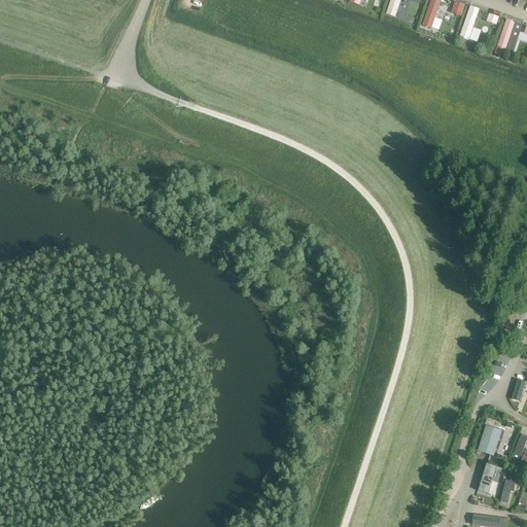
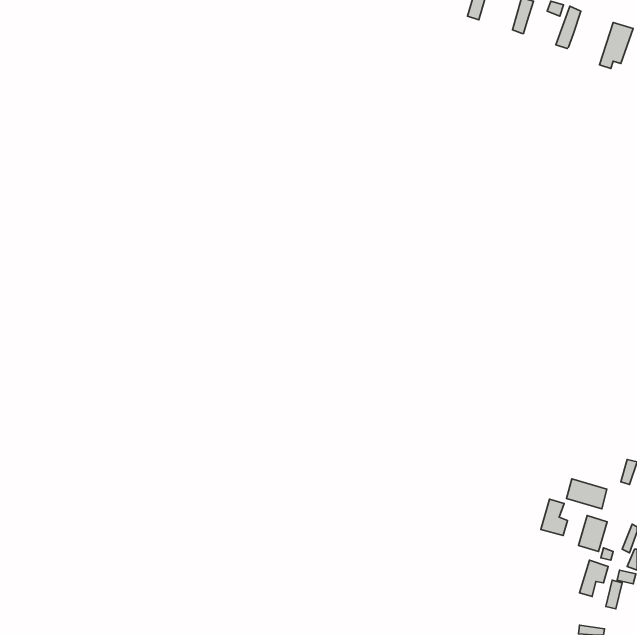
building: none -> [567,479,607,509]
building: none -> [541,499,567,536]

